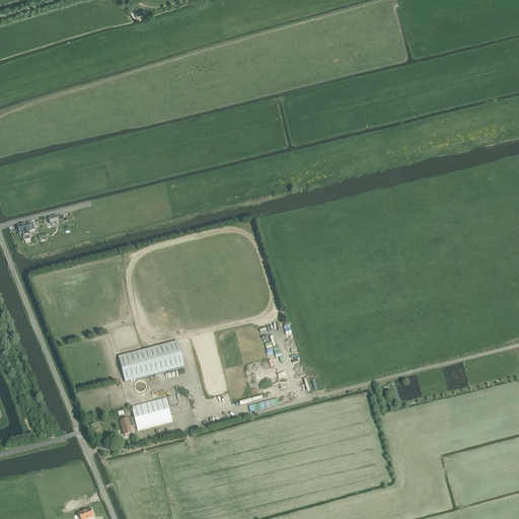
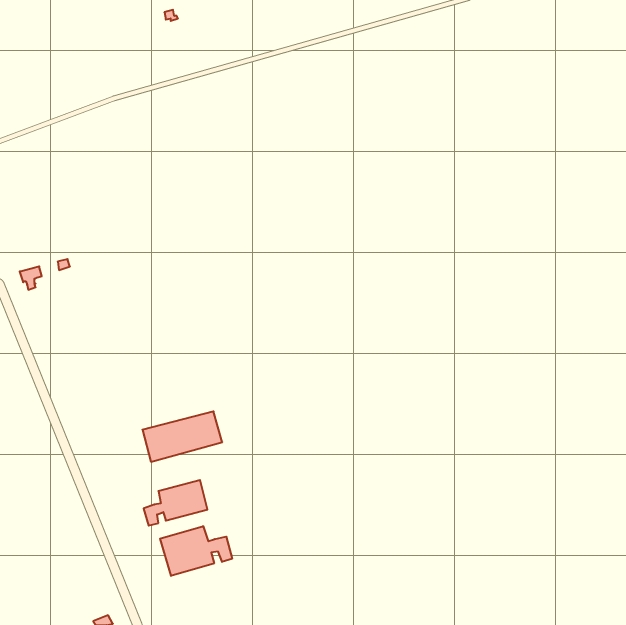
building: none -> [160,526,232,576]

